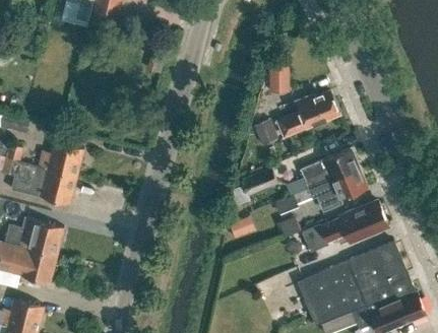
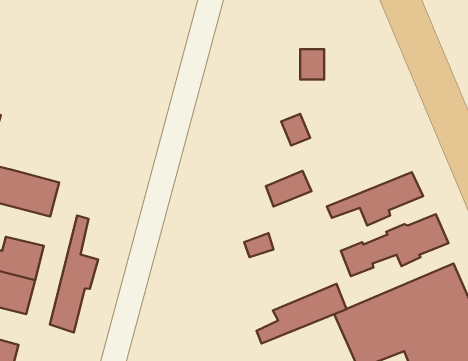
building: [277,91,339,137] -> none
building: [39,141,83,177] -> none
building: [287,148,359,196] -> [256,284,347,343]
building: none -> [50,215,98,333]

